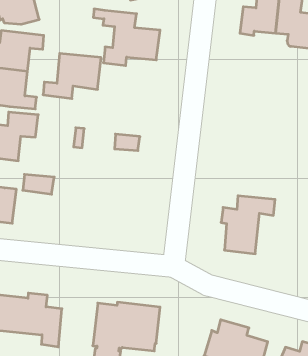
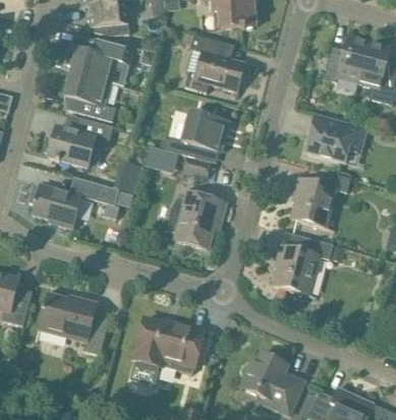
building: [43,53,101,99] -> [167,111,229,157]
building: none -> [304,116,366,163]
building: none -> [292,170,349,226]
building: none -> [169,192,225,247]

